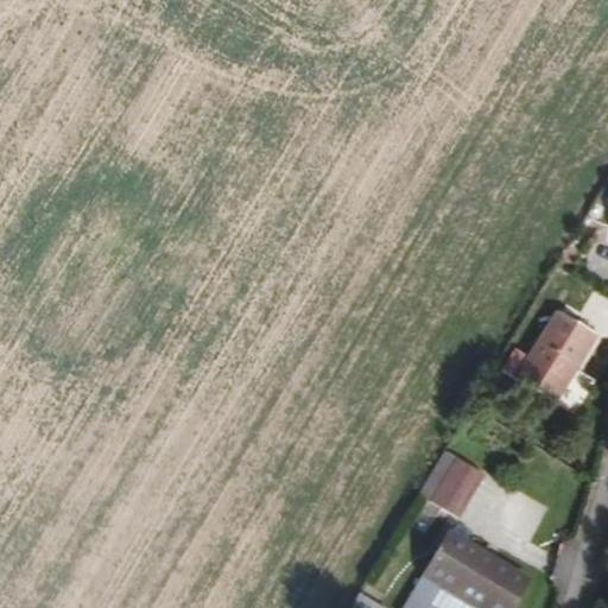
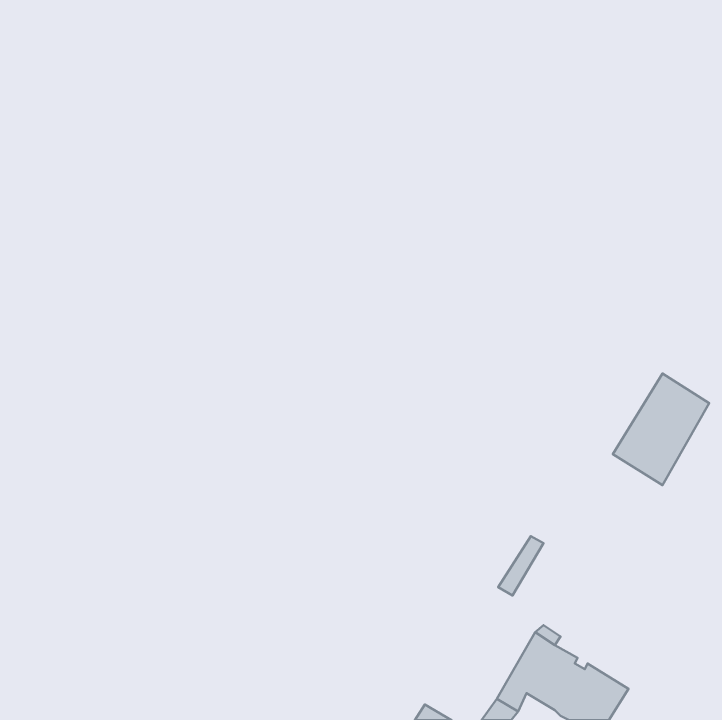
building: [430,456,483,517] -> none

